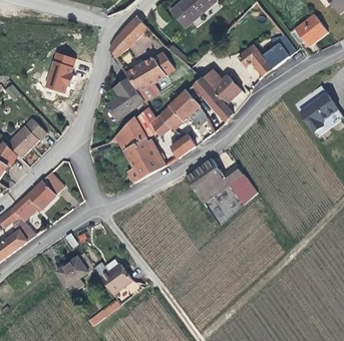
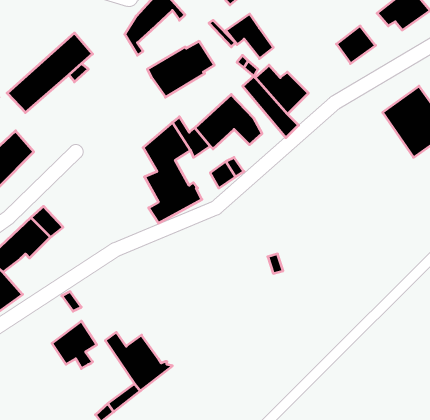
building: [238,45,272,77] -> [226,14,273,59]
building: [108,79,144,119] -> none
building: [187,159,257,205] -> none

